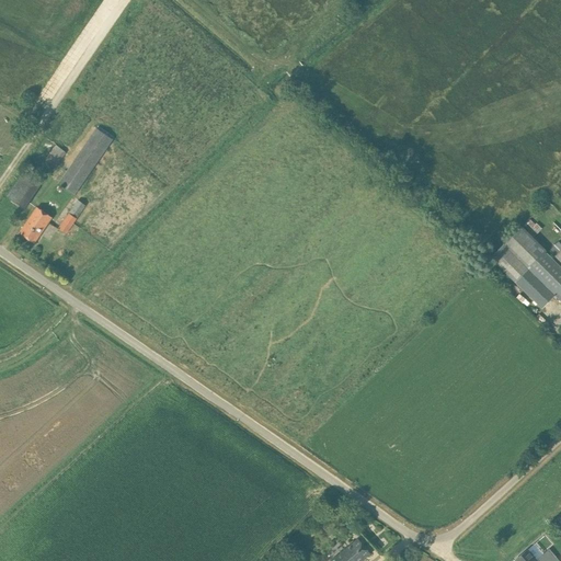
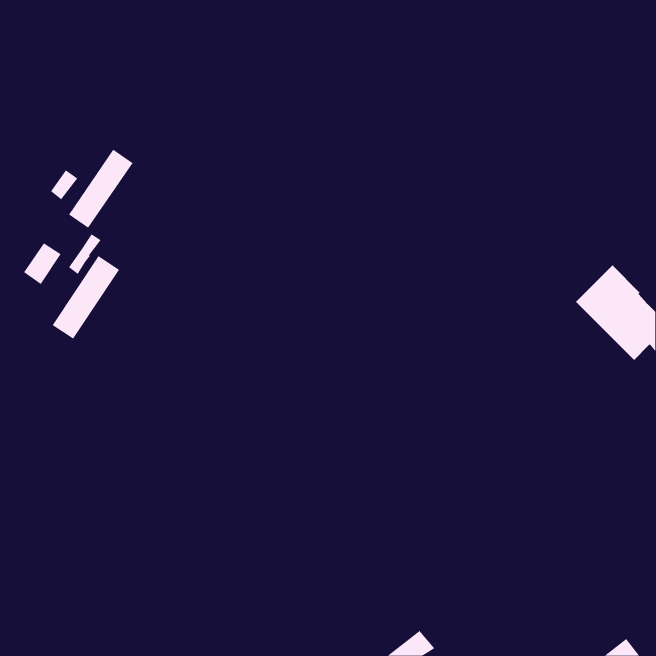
building: [8,170,44,209] -> none
building: none -> [52,255,120,339]

